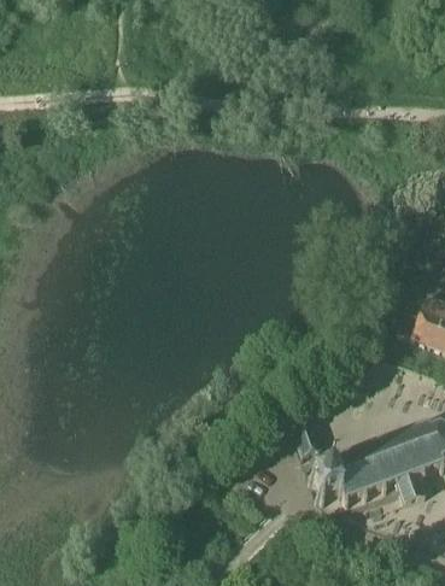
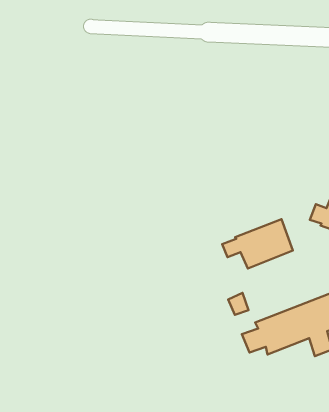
building: none -> [222,219,293,268]

